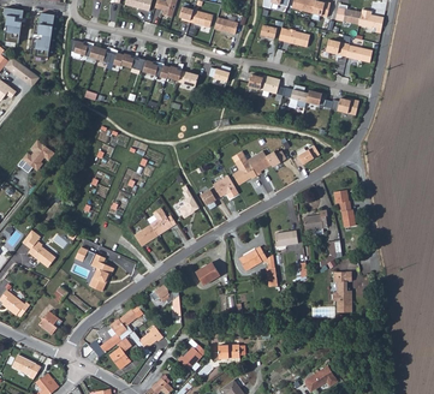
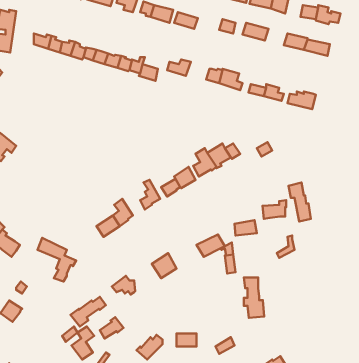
building: [331,273,351,314] -> [244,278,264,318]

